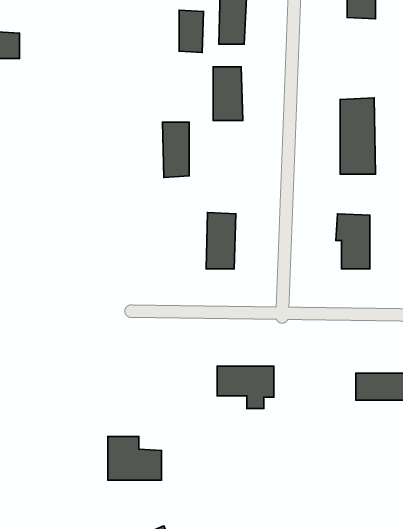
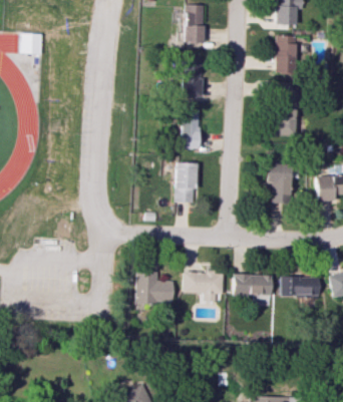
building: [179,10,203,52] -> none
building: none -> [274,35,296,74]
building: [162,122,189,177] -> [180,110,199,149]
building: none -> [234,275,273,295]
building: [108,436,161,480] -> [136,272,175,303]

